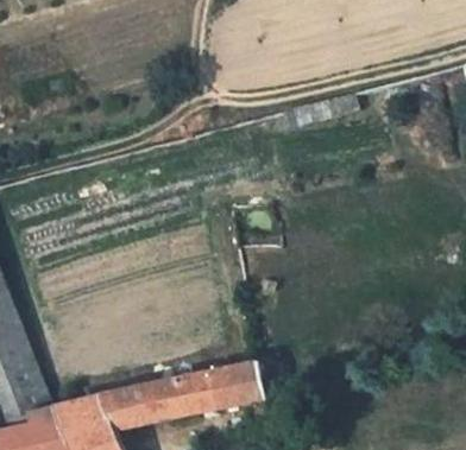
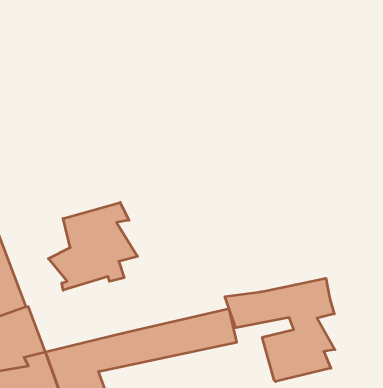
building: none -> [48,202,138,290]
building: none -> [225,278,335,382]

